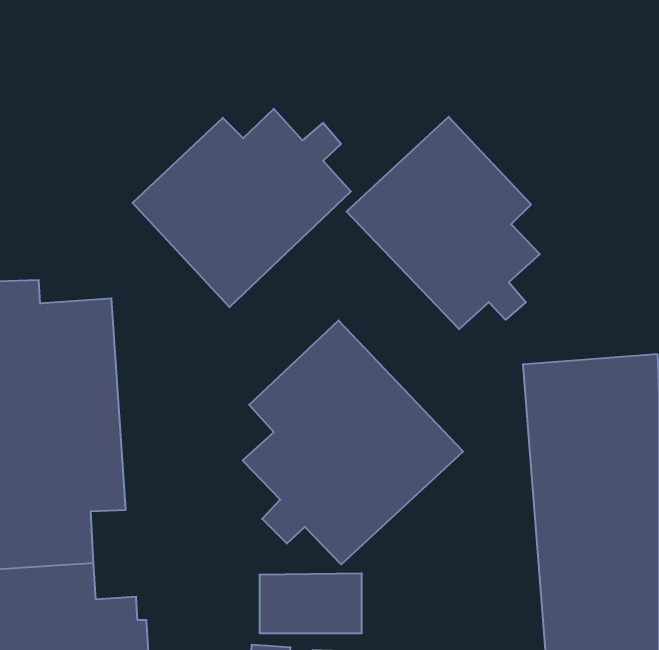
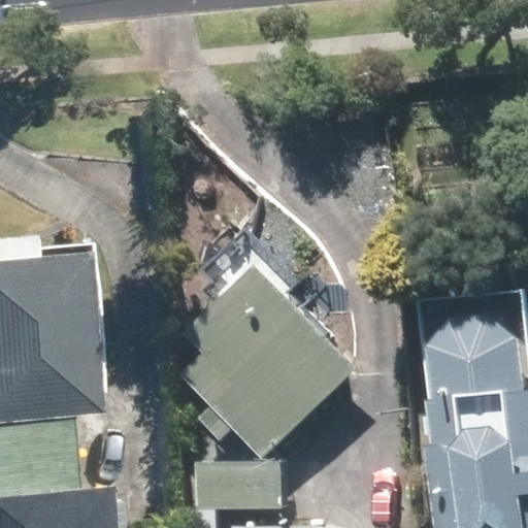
building: [132,109,351,307] -> none
building: [347,117,540,329] -> none

